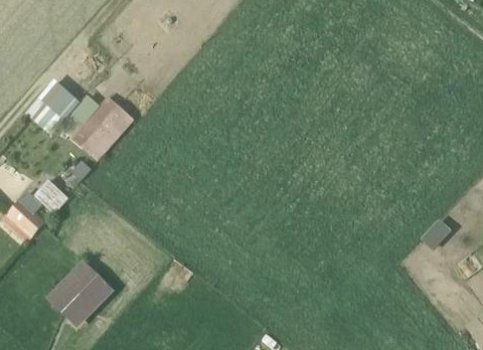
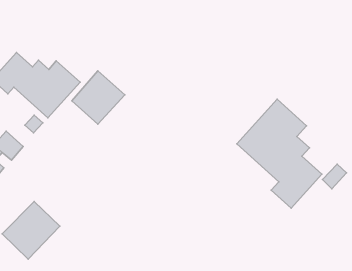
building: none -> [72,71,125,124]
building: none -> [237,99,322,208]

